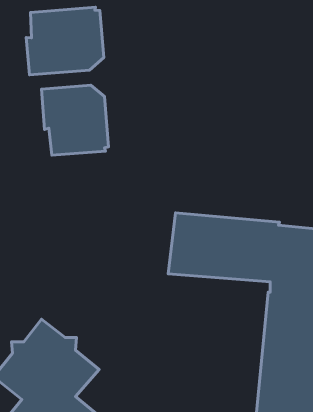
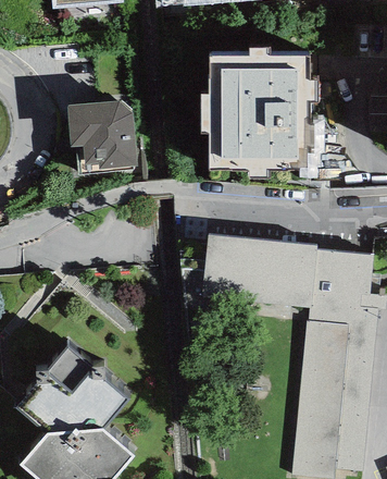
building: [26,7,104,75] -> none
building: none -> [210,54,308,168]

